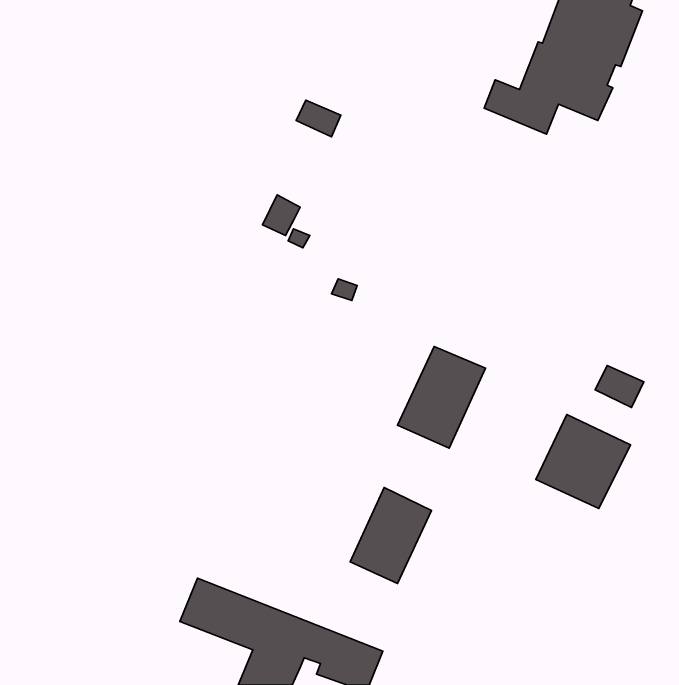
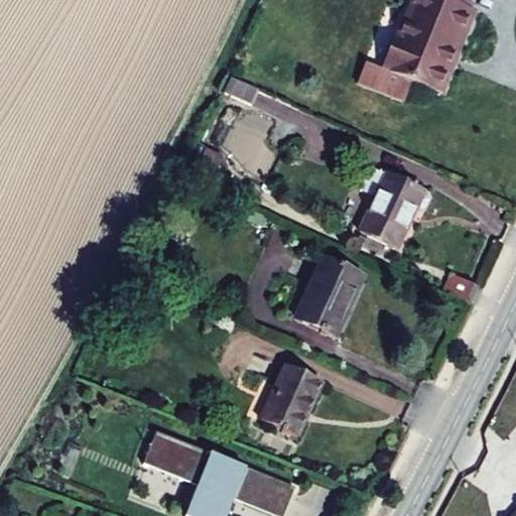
building: none -> [360,165,431,247]
building: [536,415,631,509] -> none

